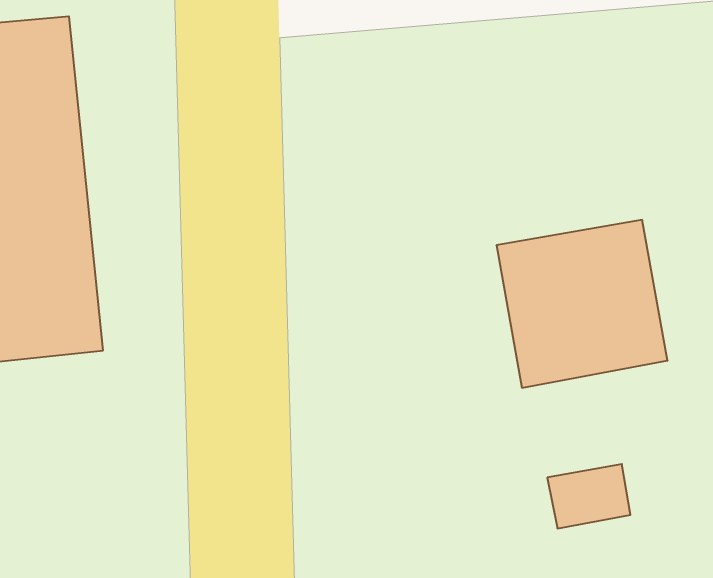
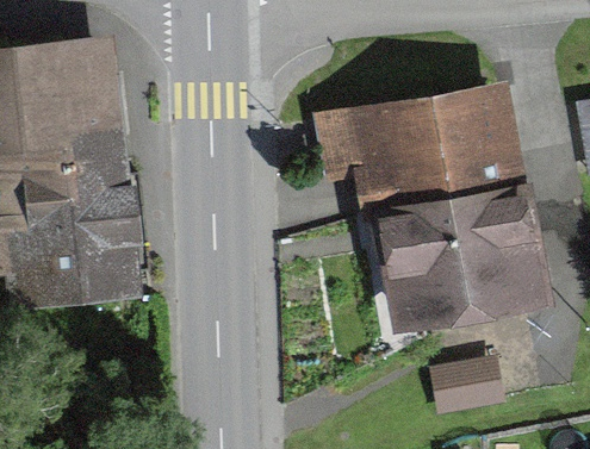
building: none -> [327,89,505,213]

